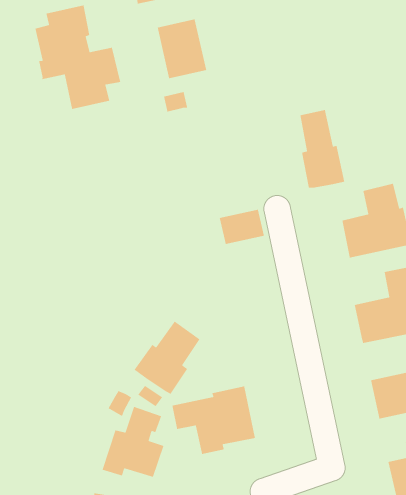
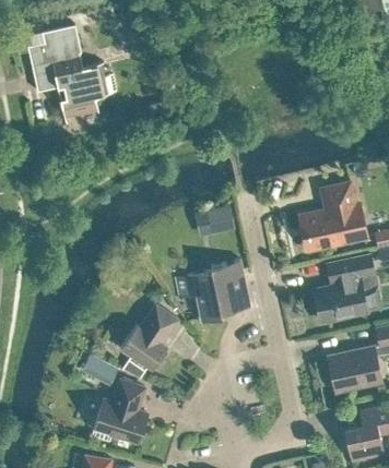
building: [157,19,207,79] -> none
building: [299,109,345,188] -> none
building: [172,385,256,455] -> [175,261,249,322]

